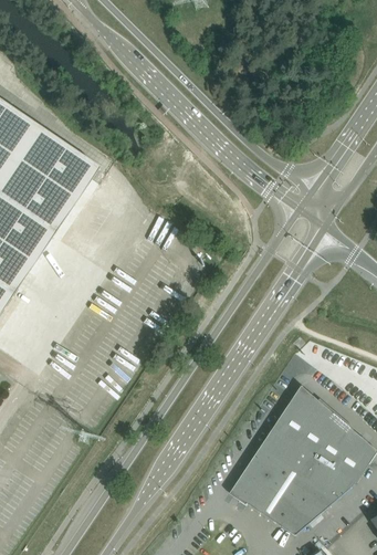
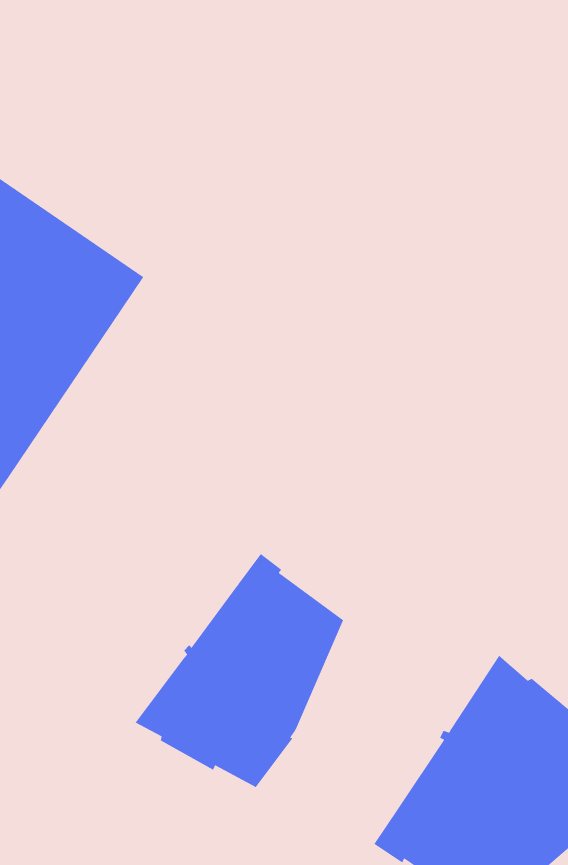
building: none -> [135,553,344,788]

